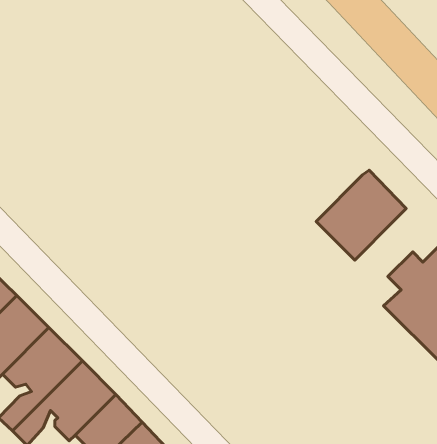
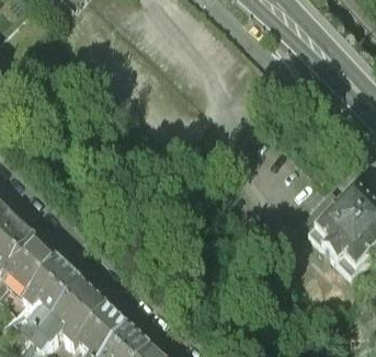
building: [316,170,406,260] -> none

